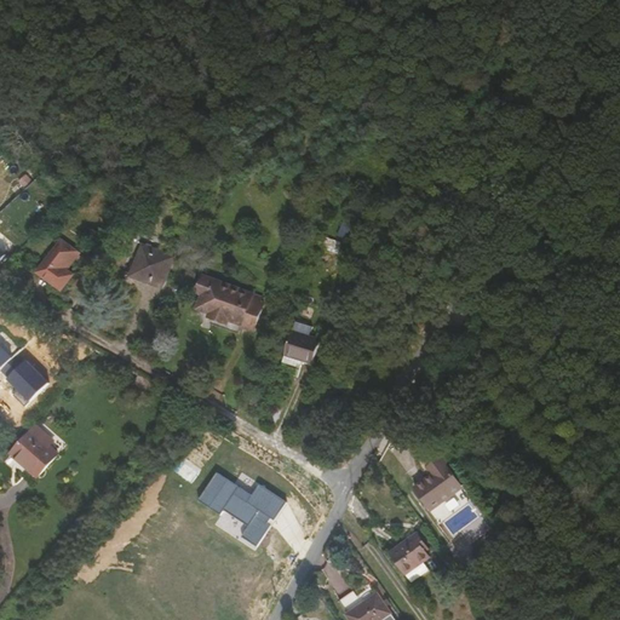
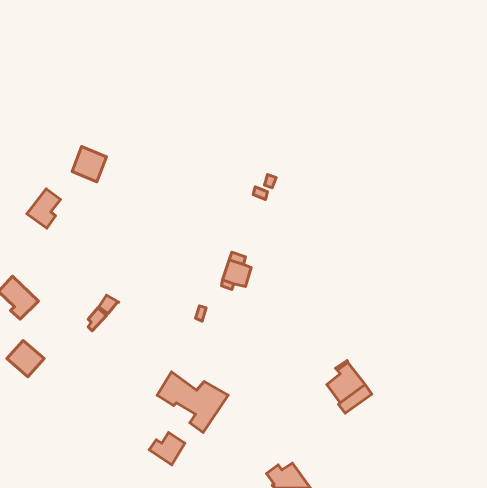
building: [127,242,171,287] -> [72,146,107,182]
building: [193,274,260,329] -> none
building: [380,529,427,573] -> none
building: none -> [149,432,185,465]

